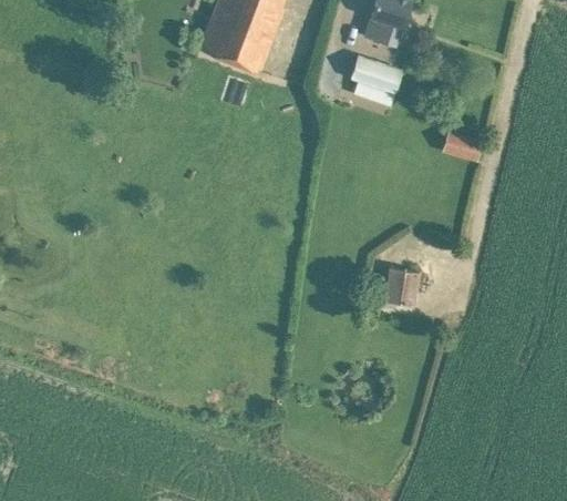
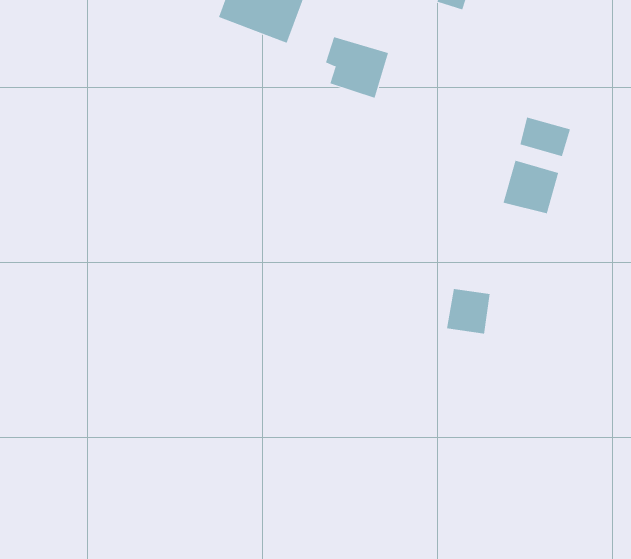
building: [351,57,402,106] -> [325,36,389,99]
building: none -> [503,160,559,214]

